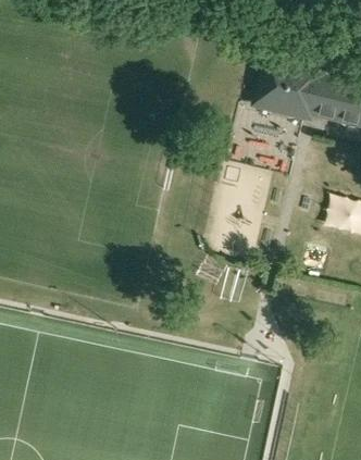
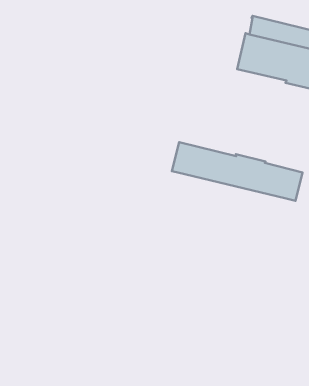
building: none -> [172,142,302,201]

